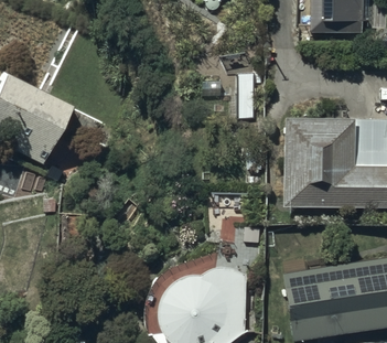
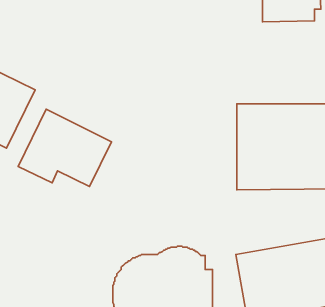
building: none -> [18,109,111,186]

